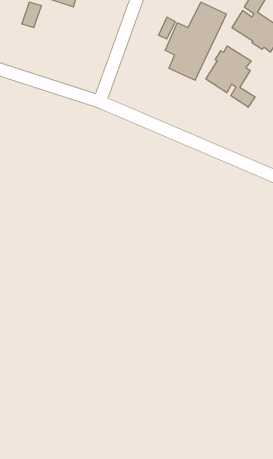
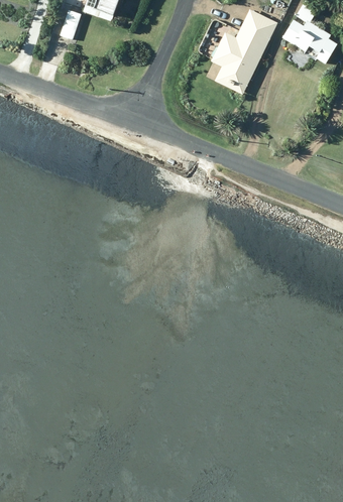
building: [206,46,255,107] -> none

